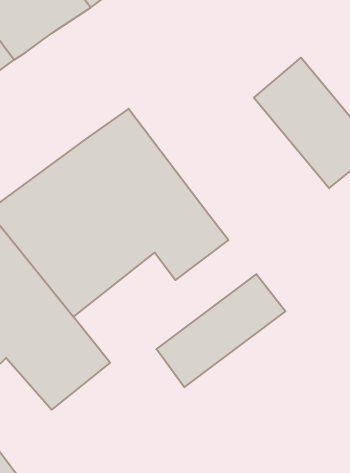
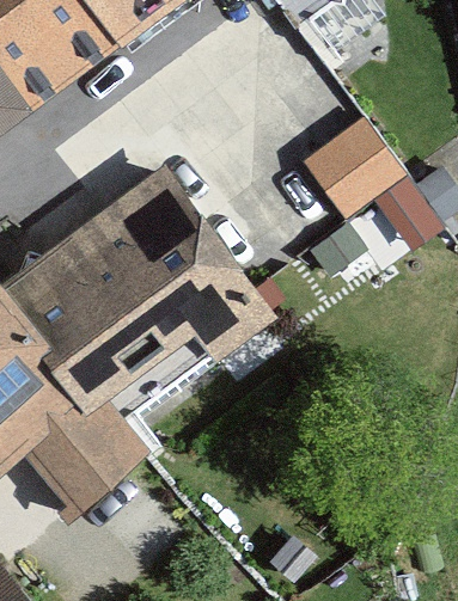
building: [156,274,285,387] -> none

